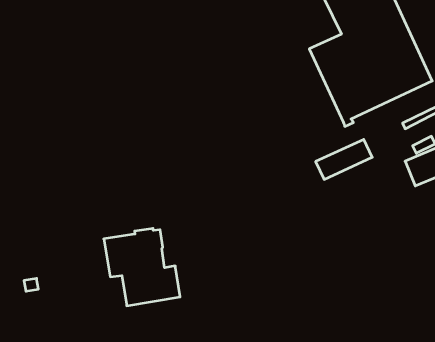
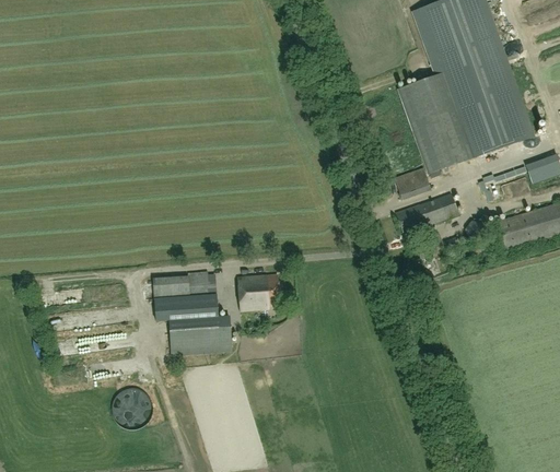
building: none -> [394,167,431,199]
building: none -> [237,274,279,310]

